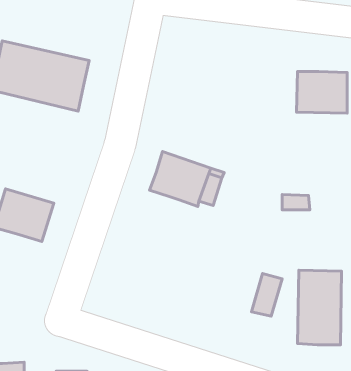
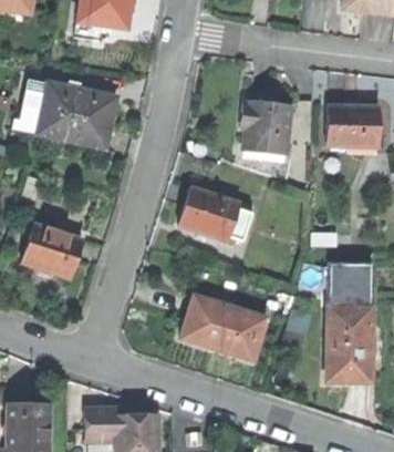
building: none -> [238,95,289,156]
building: none -> [328,264,371,308]
building: none -> [183,296,267,359]

